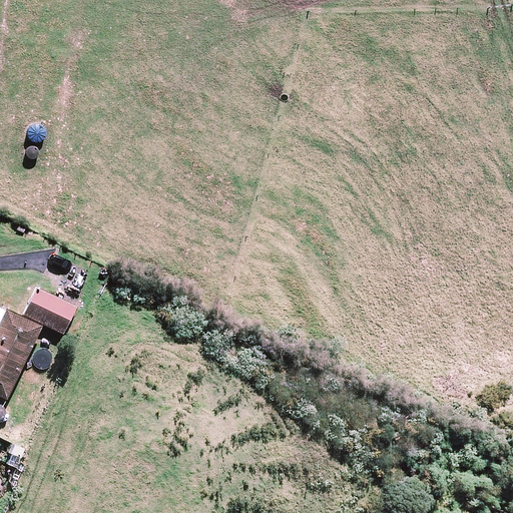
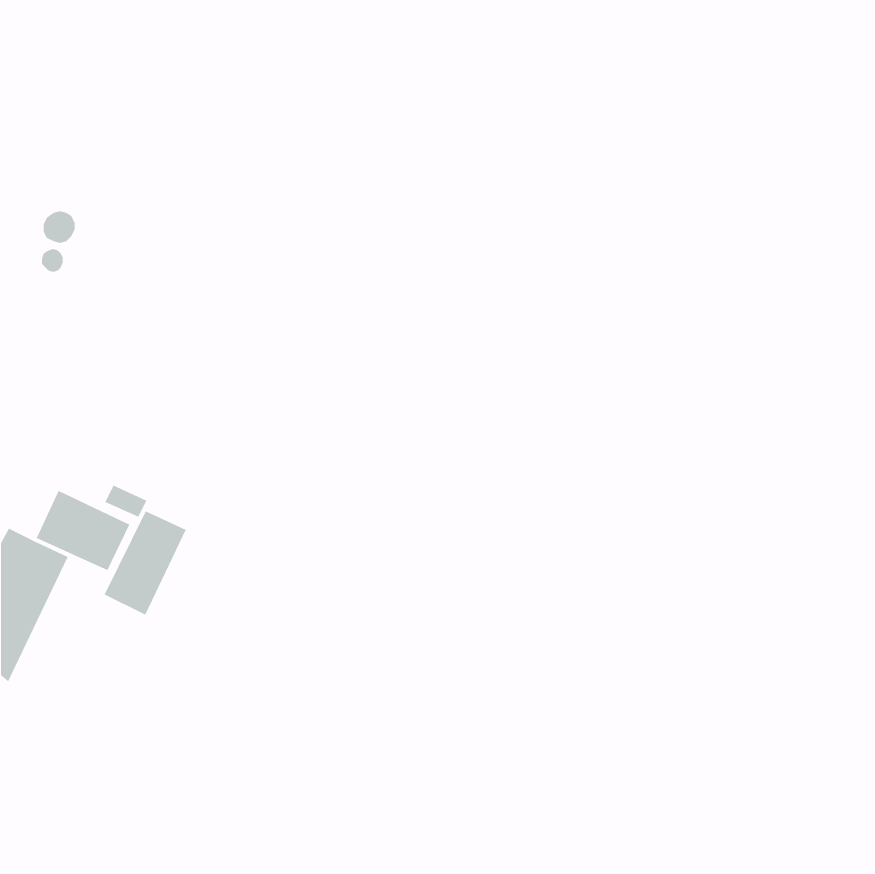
building: none -> [104,510,186,615]

